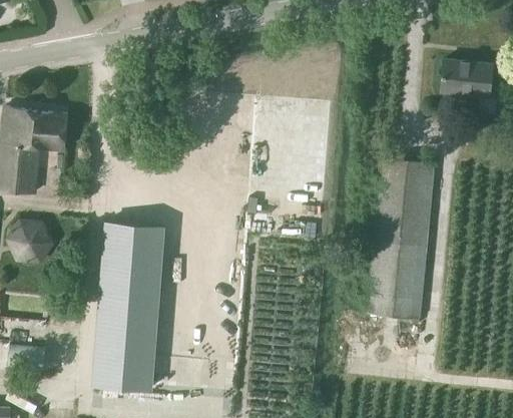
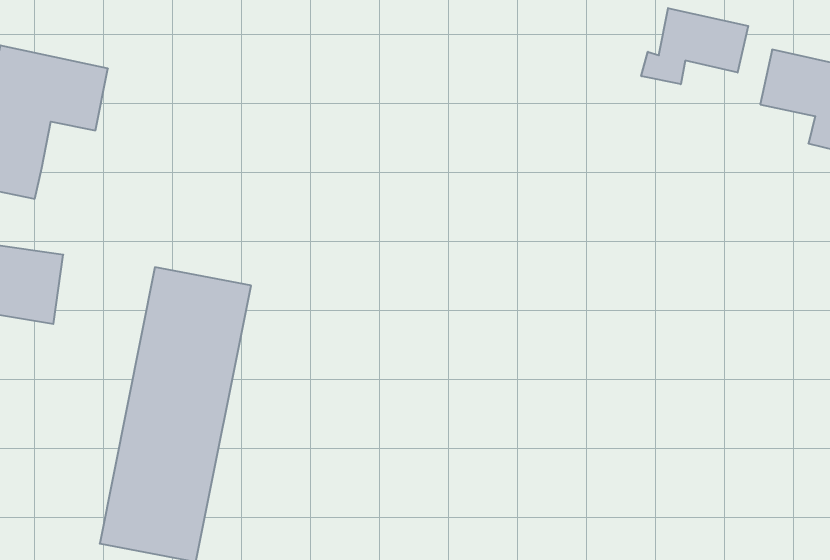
building: none -> [641,8,748,84]
building: [366,158,434,318] -> none

